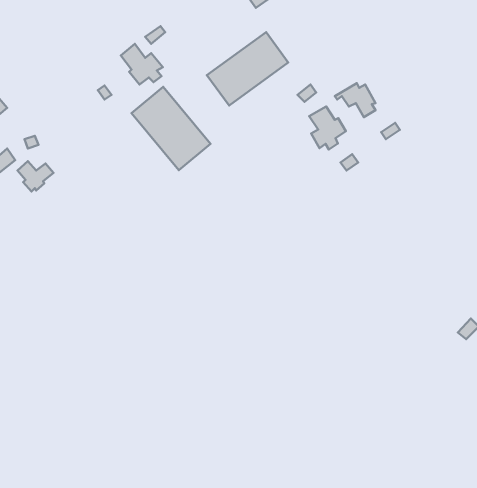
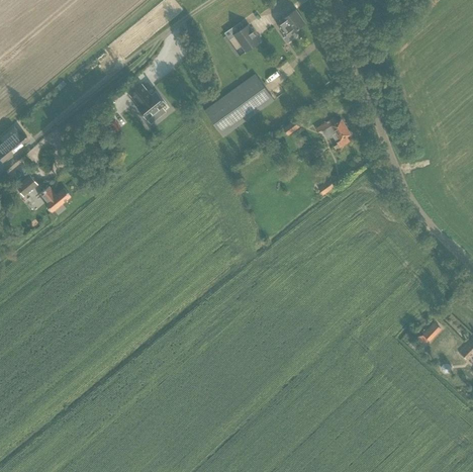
building: [131,87,211,170] -> none
building: [309,106,346,150] -> none

